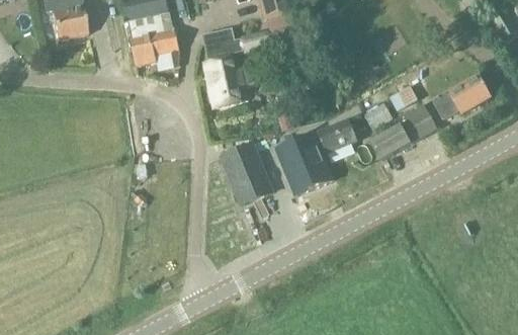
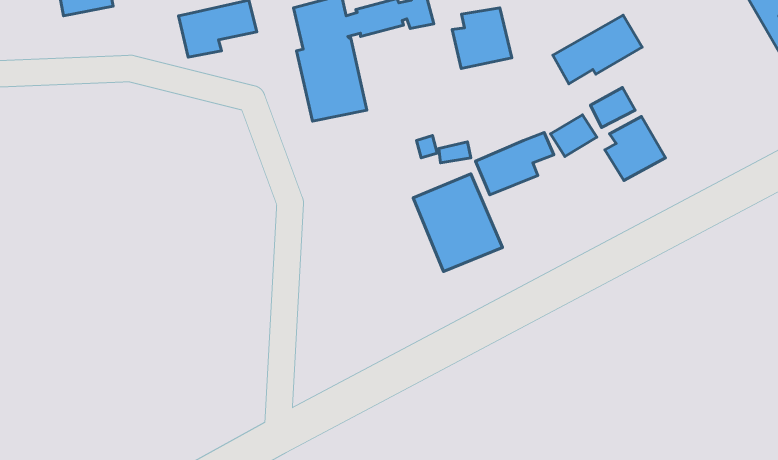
building: none -> [452,8,512,68]
building: [433,75,490,118] -> [553,15,642,84]
building: [370,123,411,159] -> none
building: [223,143,272,205] -> none

